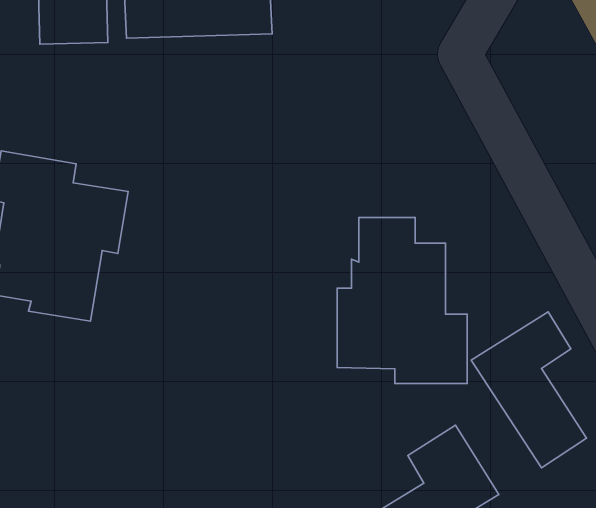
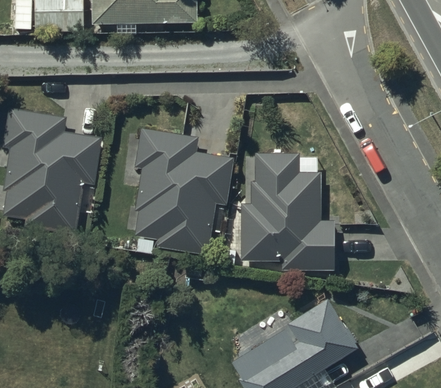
building: none -> [136,129,230,247]
building: [471,312,587,468] -> none

